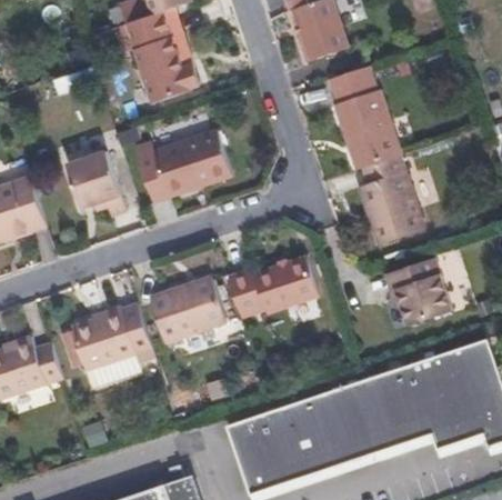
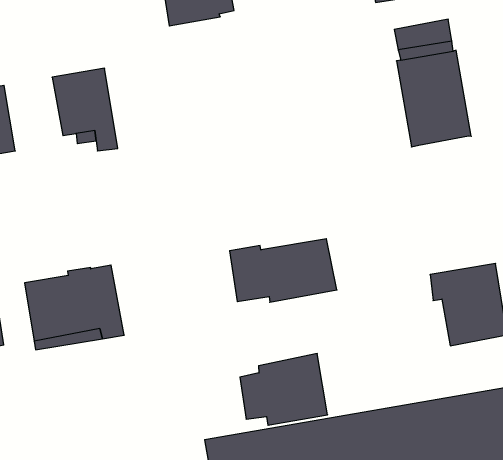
building: [133,124,233,199] -> none
building: [359,156,424,244] -> none
building: [150,273,223,336] -> [240,354,328,425]

